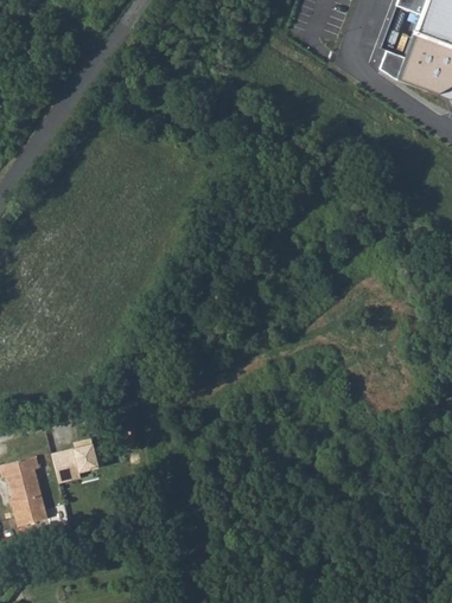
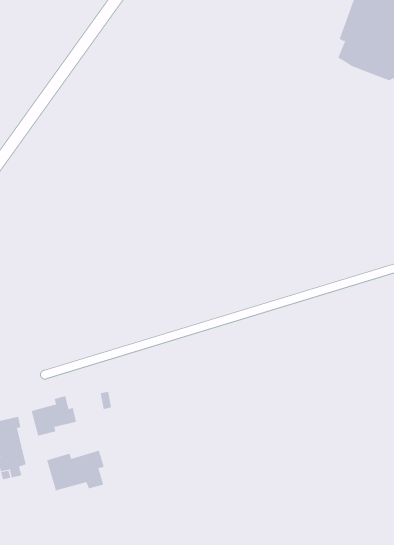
building: none -> [47,450,105,491]

